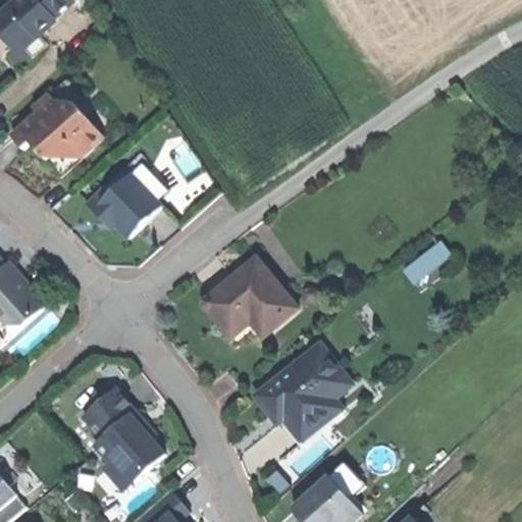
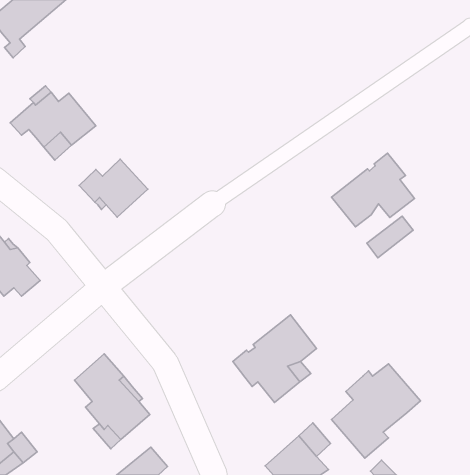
building: none -> [332,153,414,227]
building: [201,259,297,338] -> none
building: none -> [332,364,421,458]

